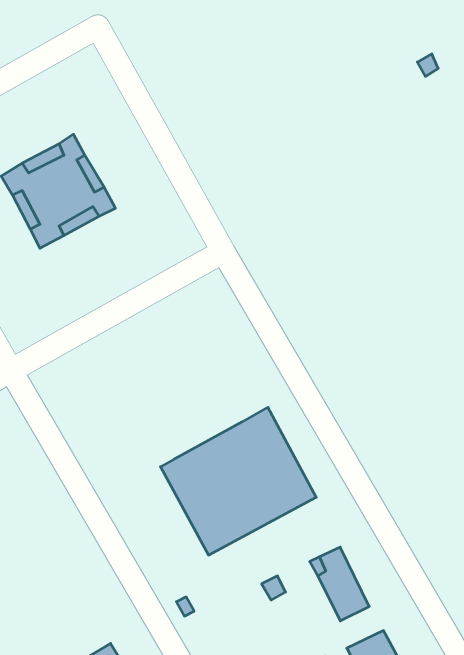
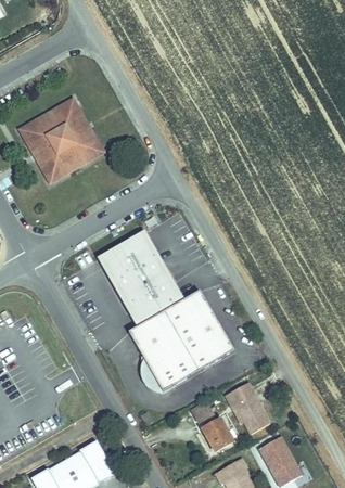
building: none -> [100,228,184,321]
building: none -> [206,416,237,449]

